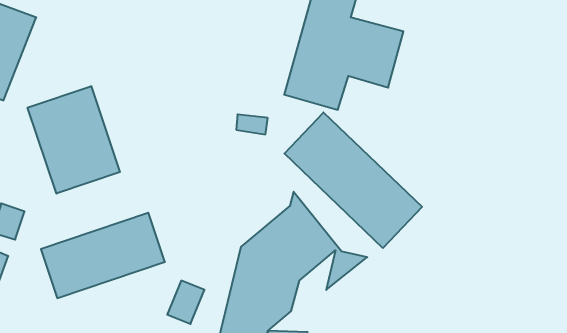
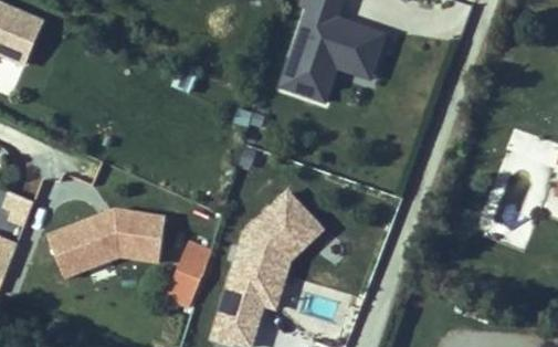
building: [28,86,120,194] -> none
building: [284,112,422,248] -> none

